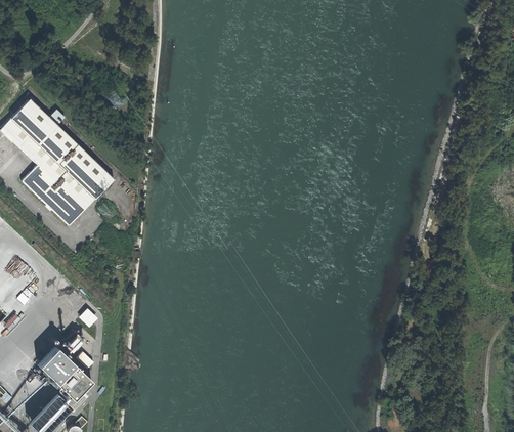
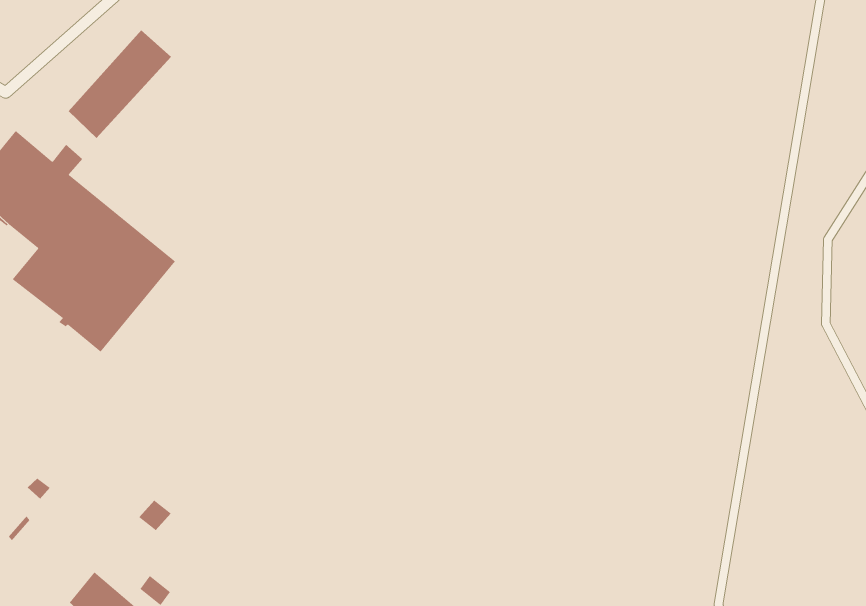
building: none -> [68,30,172,139]

